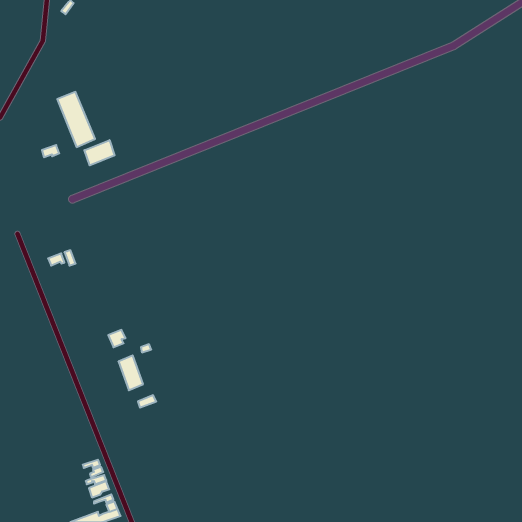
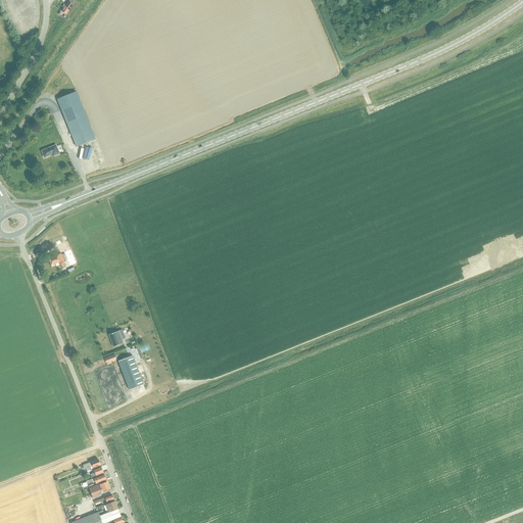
building: [84,140,115,165] -> none

